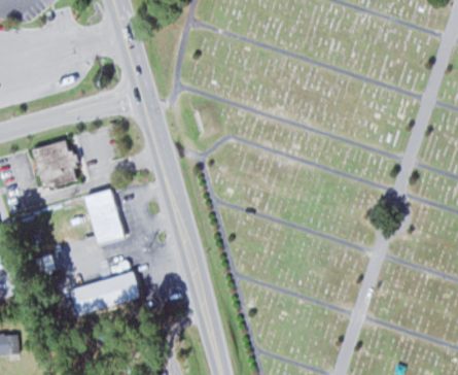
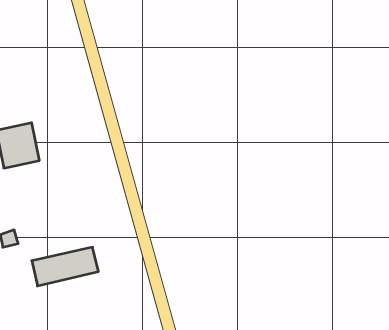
building: [85,190,121,245] -> none

